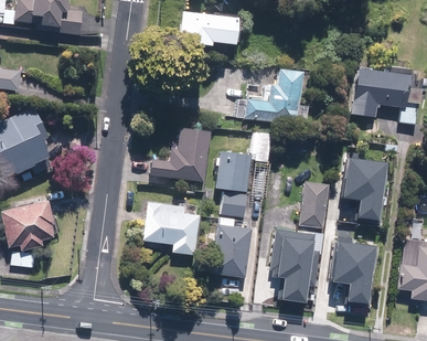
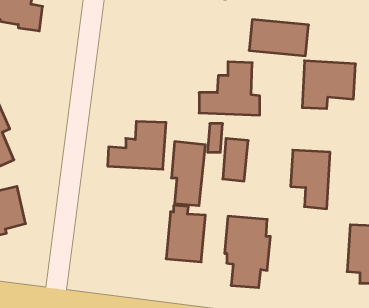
building: [180,10,242,47] -> [249,20,309,56]
building: [301,182,328,226] -> [223,138,248,181]
building: [143,202,199,255] -> none
building: [331,242,378,302] -> none

